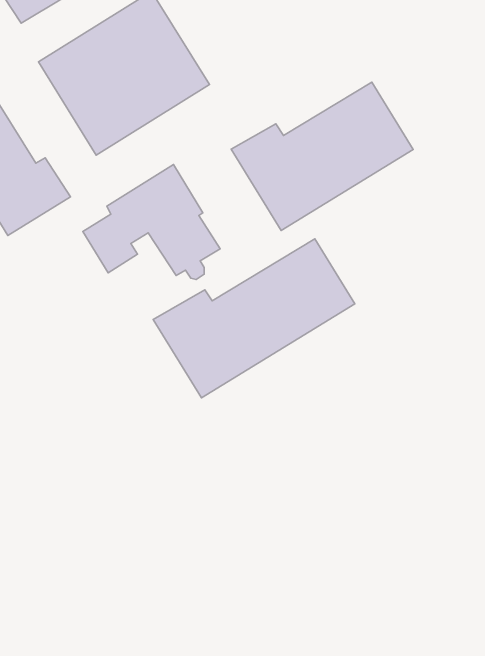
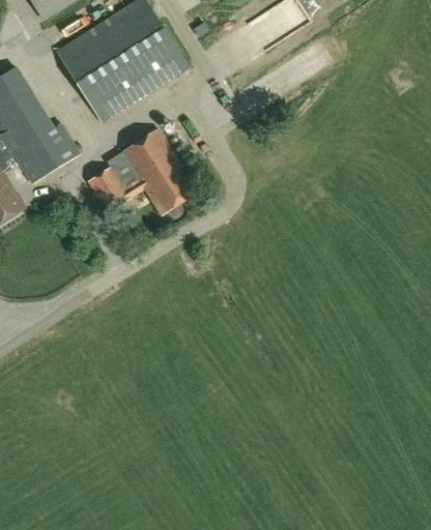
building: [231,82,413,230] -> none
building: [153,239,355,398] -> none

